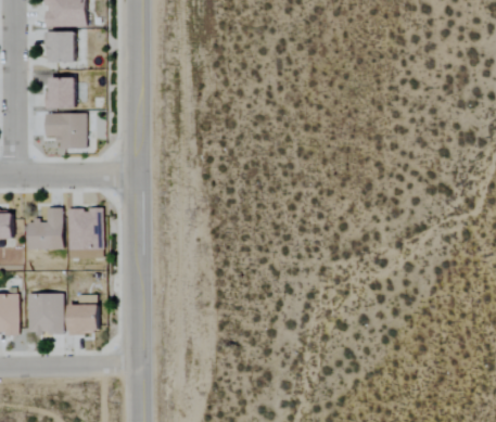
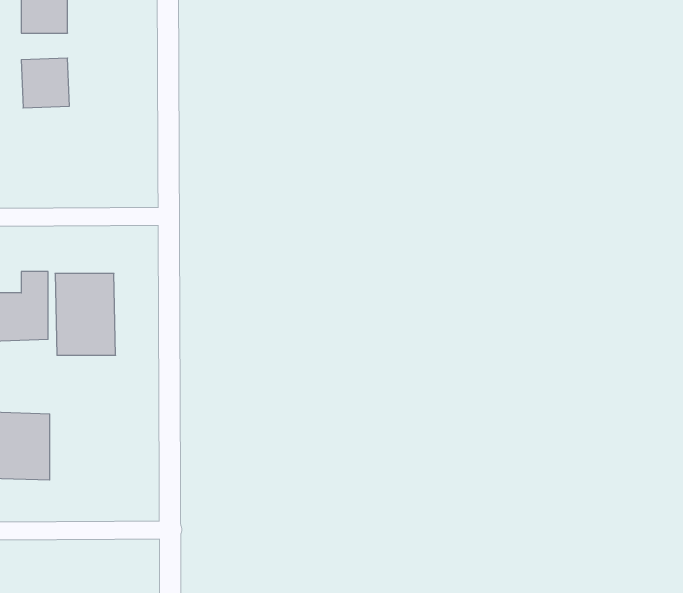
building: [44,113,86,149] -> none
building: [67,295,98,334] -> none

